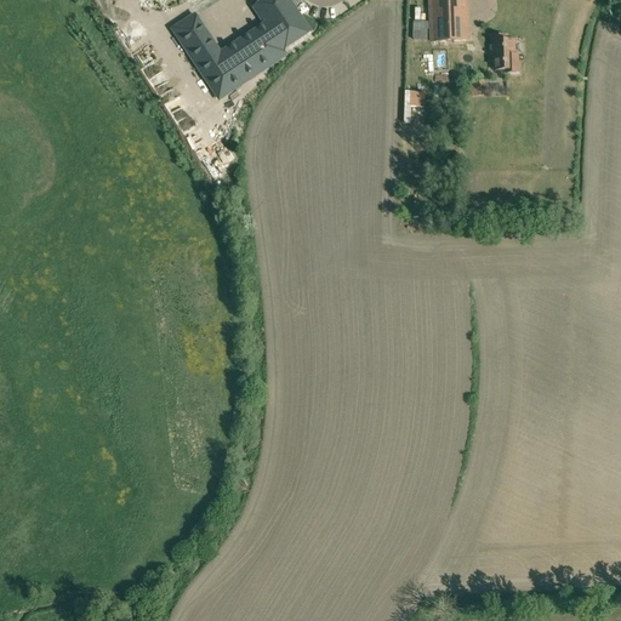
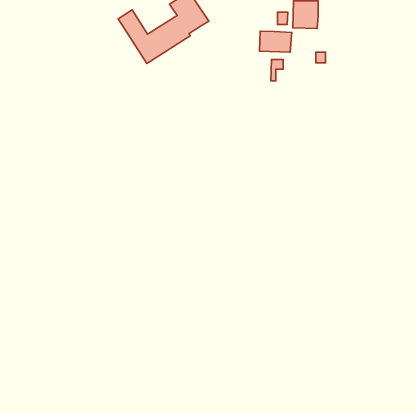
building: [491,33,517,70] -> none
building: none -> [260,31,292,52]

